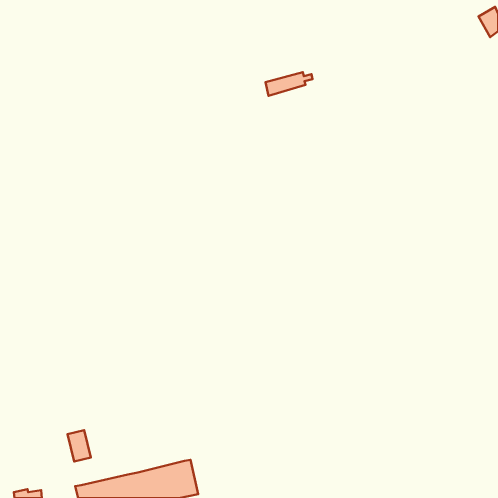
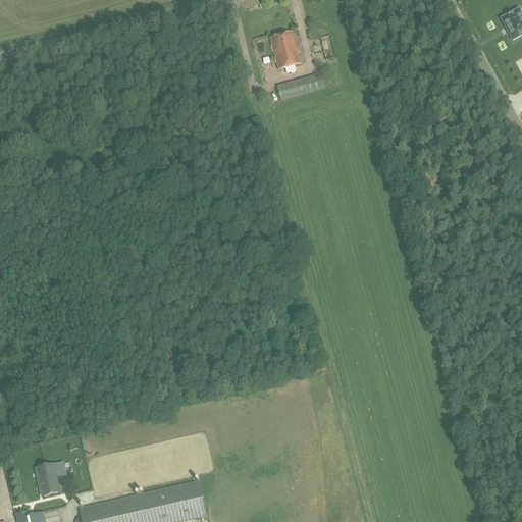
building: none -> [269,32,300,69]
building: [67,430,91,461] -> [36,464,60,497]

